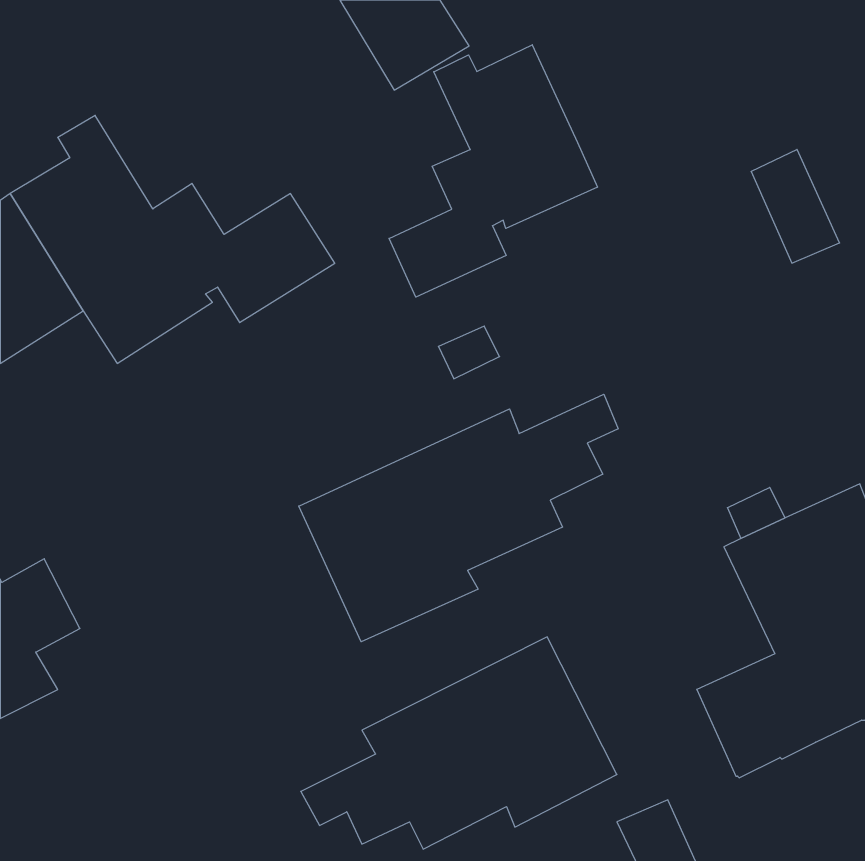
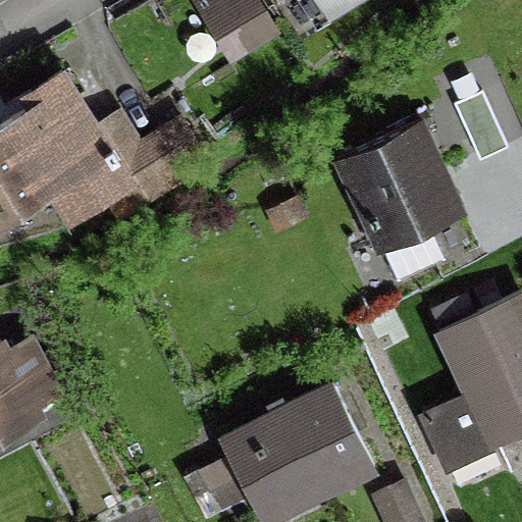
building: [389,45,597,297] -> none
building: none -> [336,124,459,280]
building: [299,394,618,642] -> none

